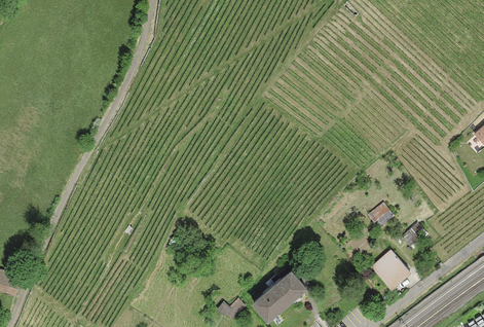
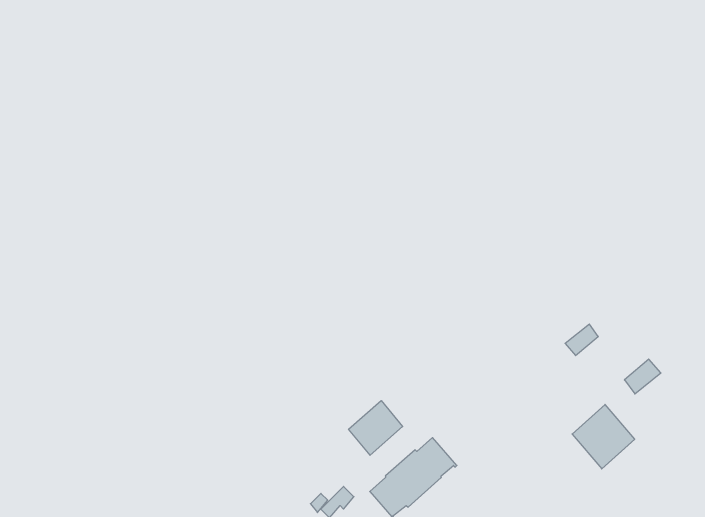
building: none -> [349,401,403,455]

